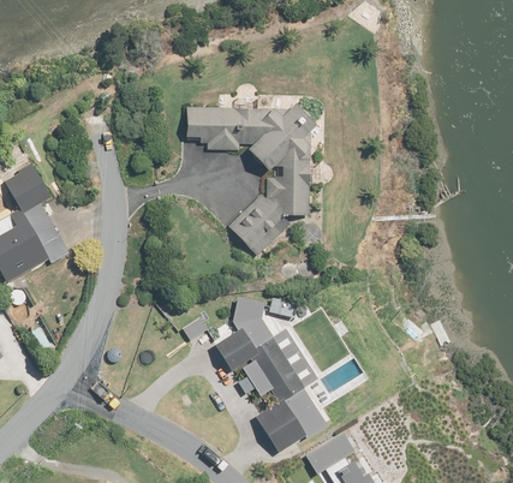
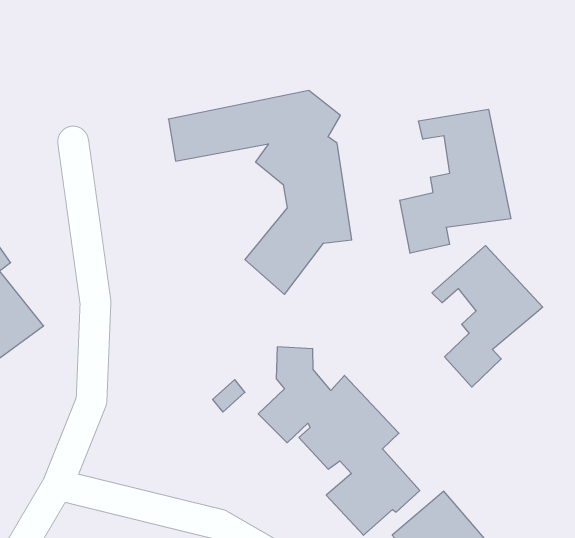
building: none -> [400,109,511,253]
building: none -> [432,246,543,387]

